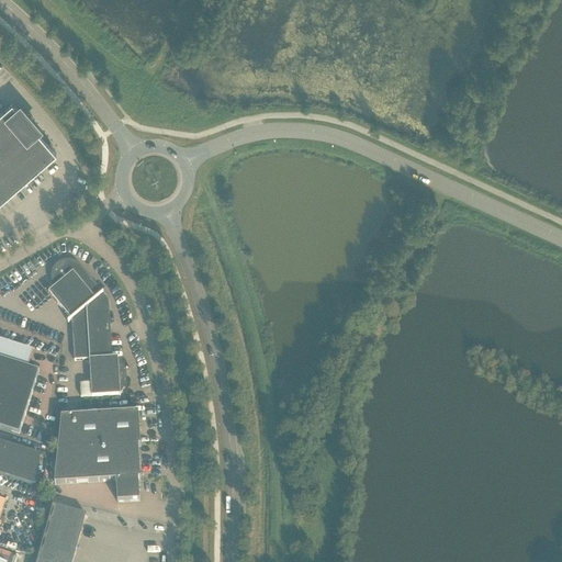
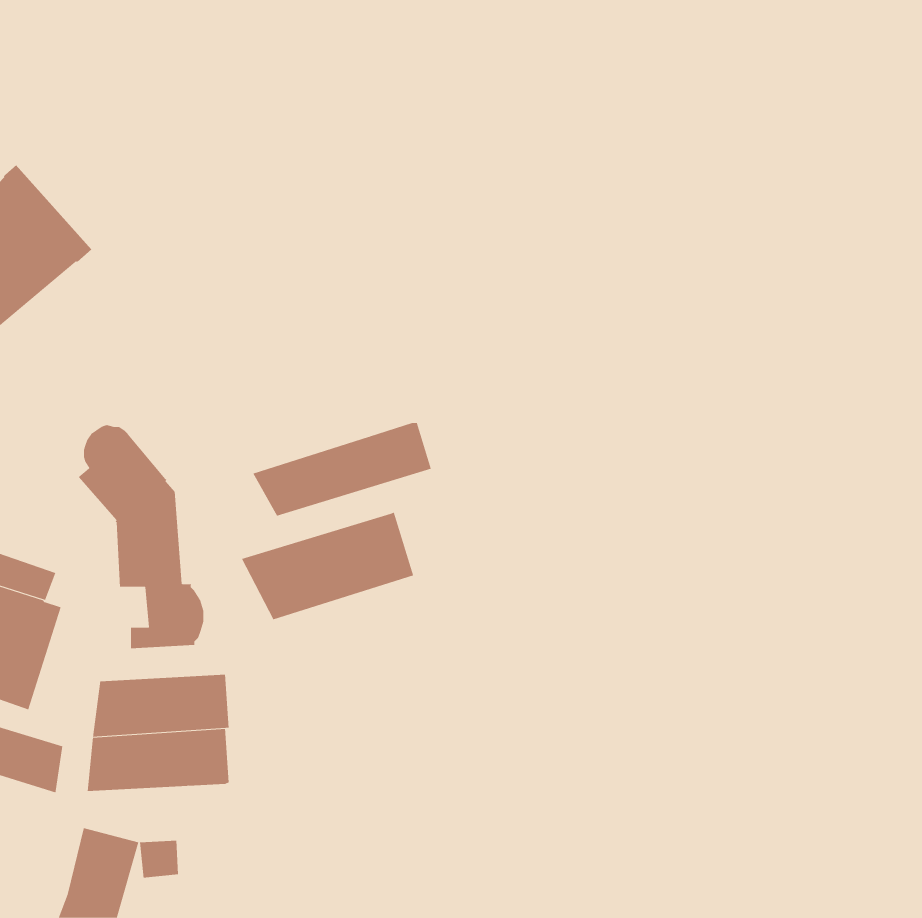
building: none -> [252,422,432,516]
building: none -> [241,512,414,620]
building: [114,476,138,499] -> [139,840,179,878]

